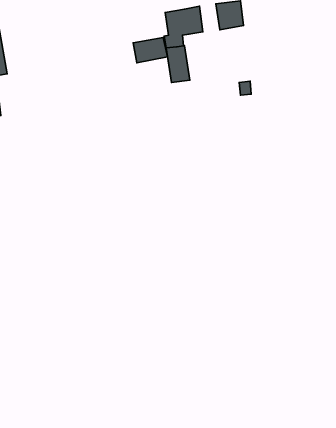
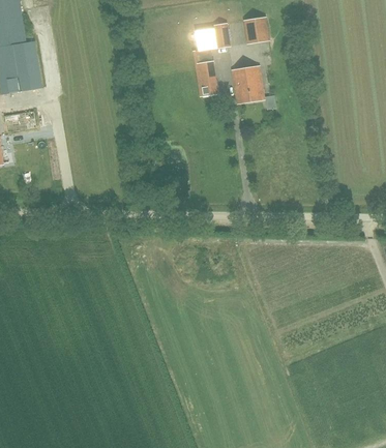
building: [133,38,168,63] -> none
building: none -> [233,66,264,103]

